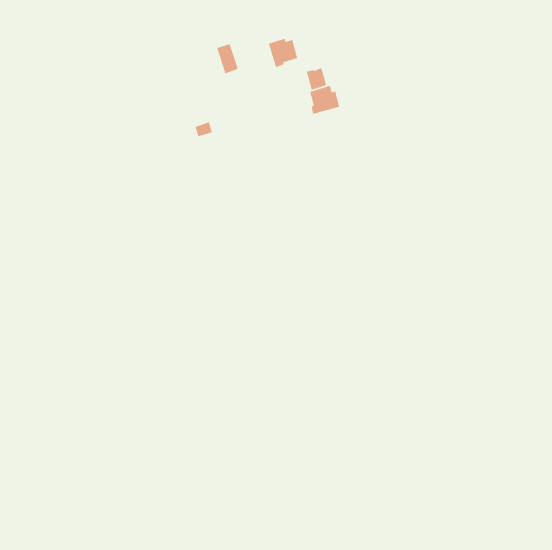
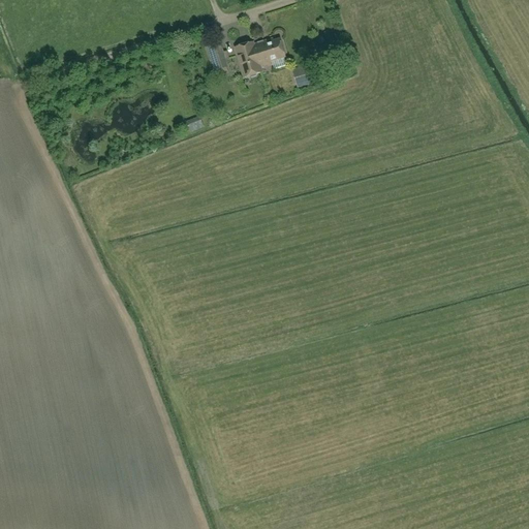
building: none -> [237,41,263,75]
building: [309,85,340,115] -> none

